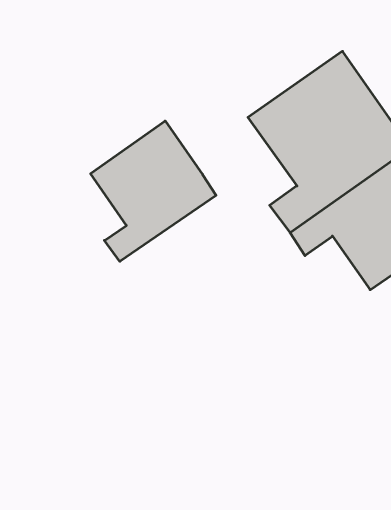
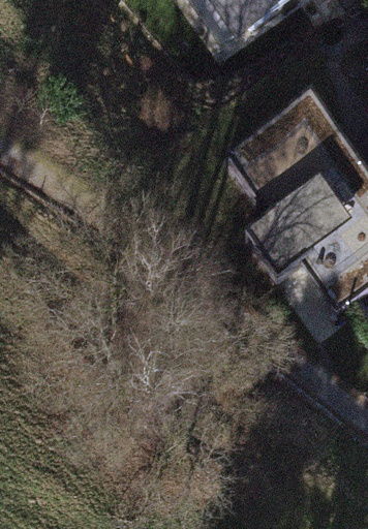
building: [91,121,216,261] -> none

